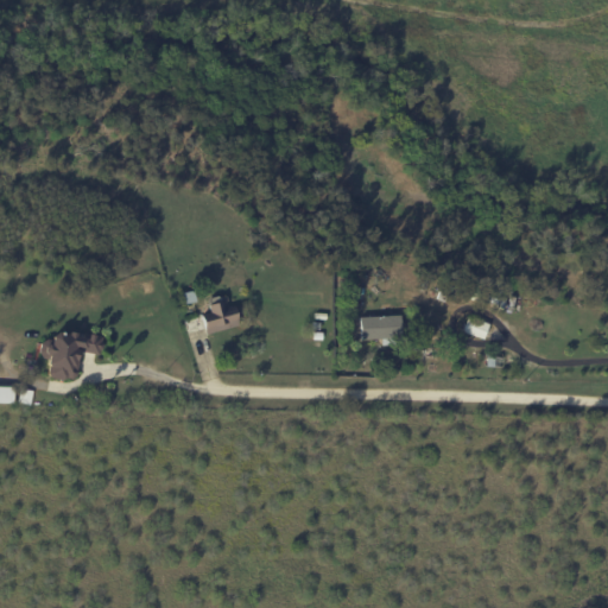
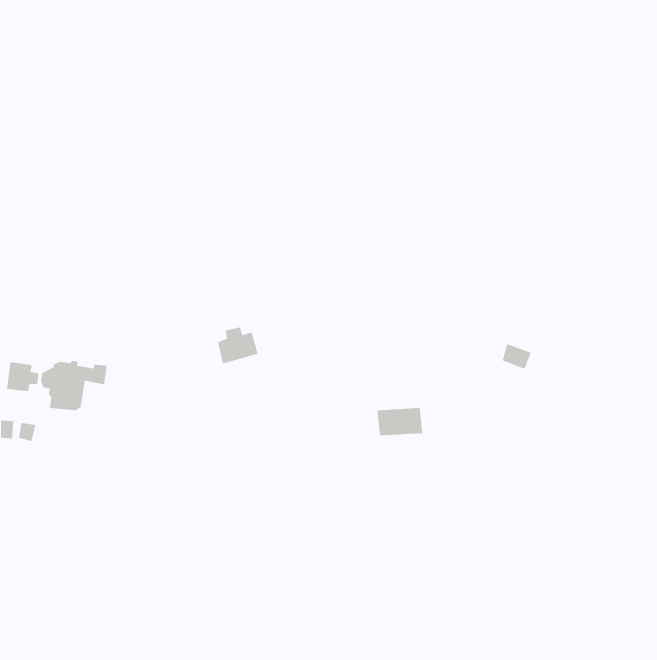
building: [361,315,404,341] -> [377,408,423,436]
building: none -> [6,361,39,392]

